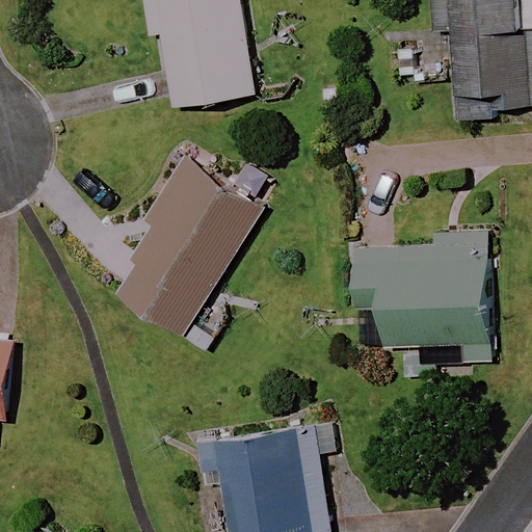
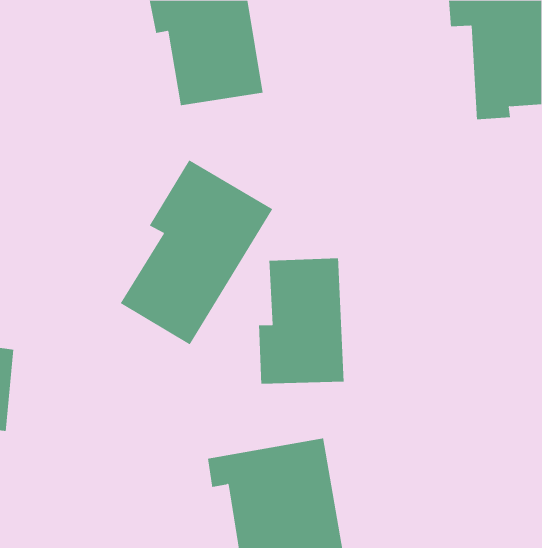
building: [354,232,493,360] -> none
building: none -> [258,258,344,385]

